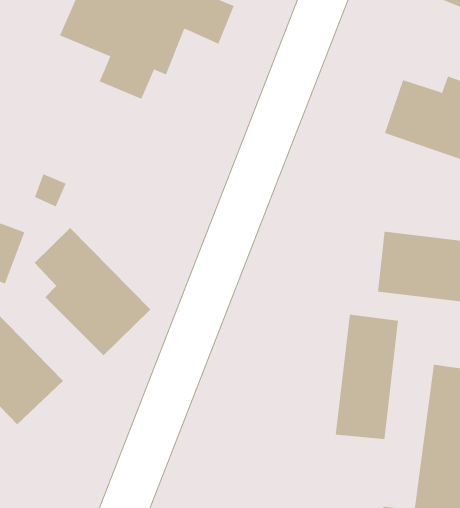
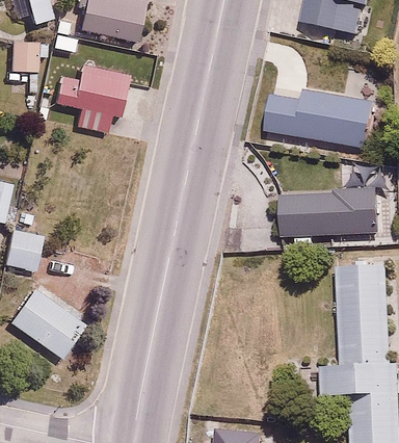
building: [34,227,151,356] -> none
building: [335,314,398,440] -> none

